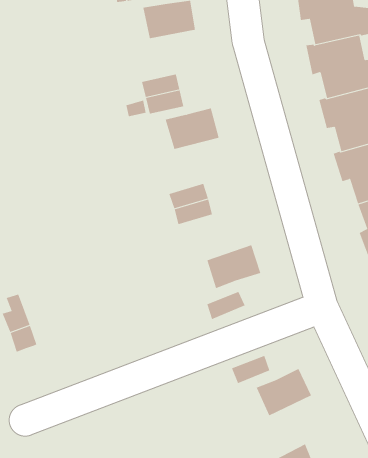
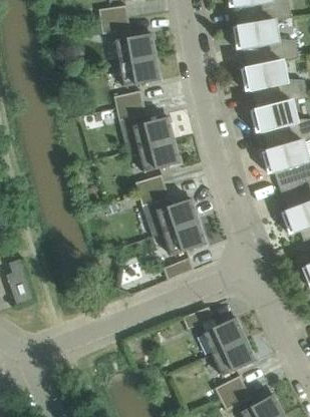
building: none -> [119,56,160,86]
building: none -> [138,139,180,171]
building: none -> [156,198,199,234]
building: none -> [212,338,255,376]

